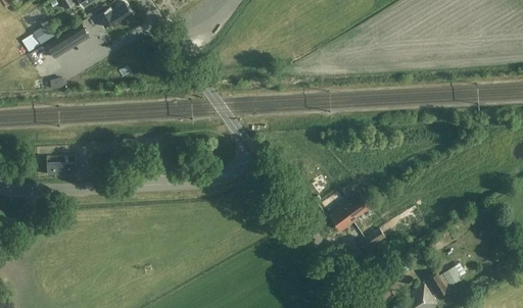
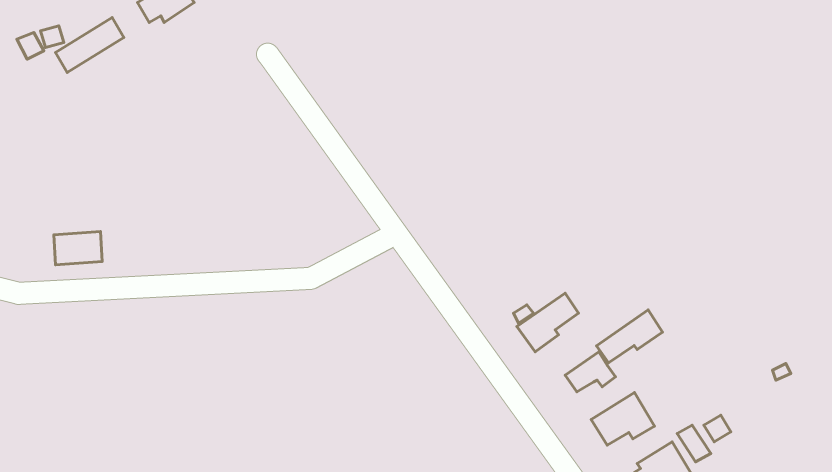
building: none -> [596,310,663,363]
building: none -> [591,392,655,445]

